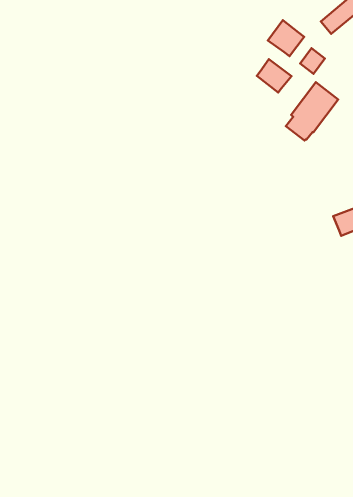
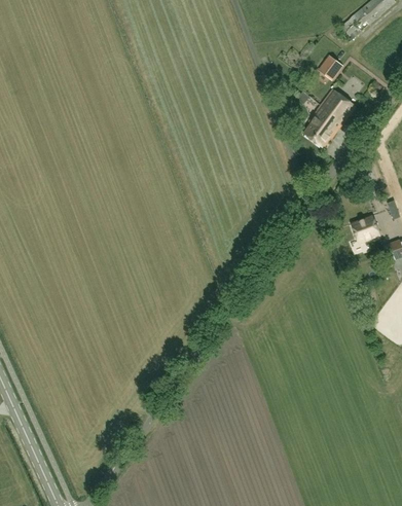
building: [268,20,304,56] -> none
building: [257,59,291,92] -> none

